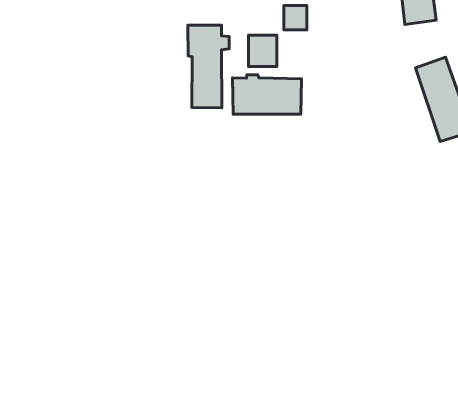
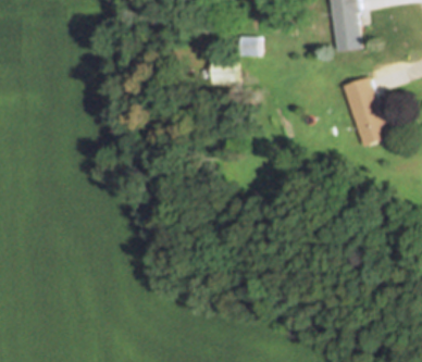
building: [188,25,229,108] -> none
building: [232,75,302,114] -> none

